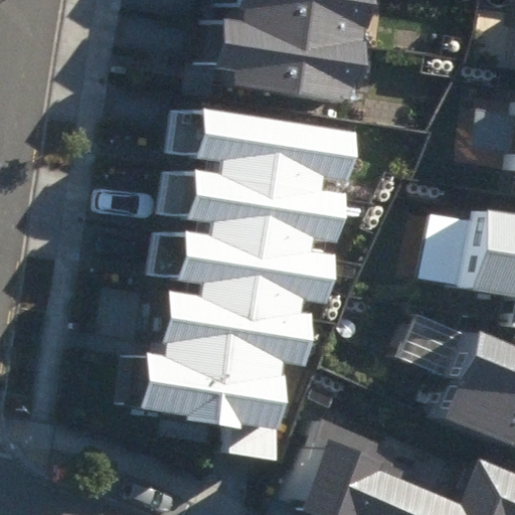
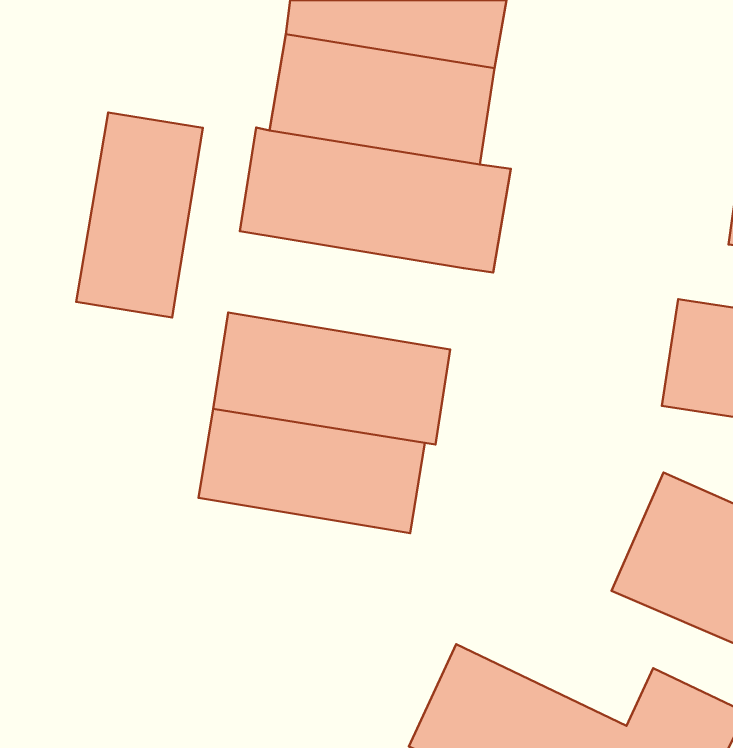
building: none -> [76,112,203,318]
building: [170,163,331,243] -> none
building: [119,341,271,433] -> none

